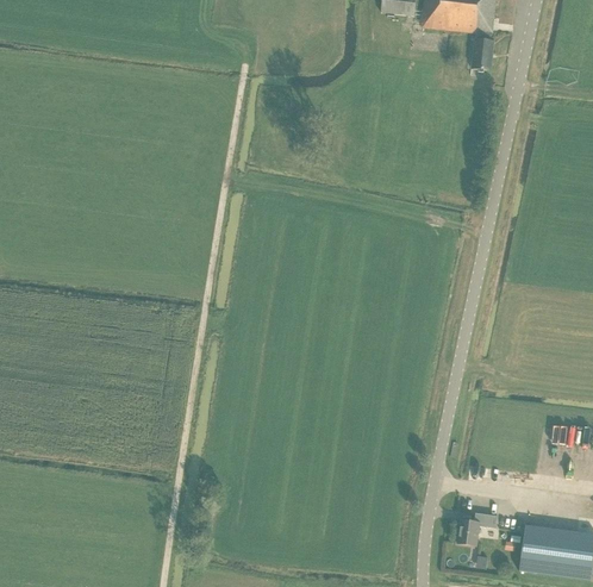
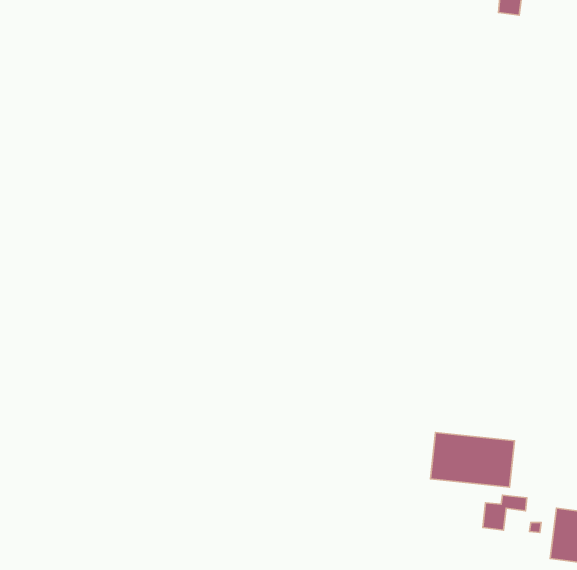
building: none -> [430,432,515,487]

